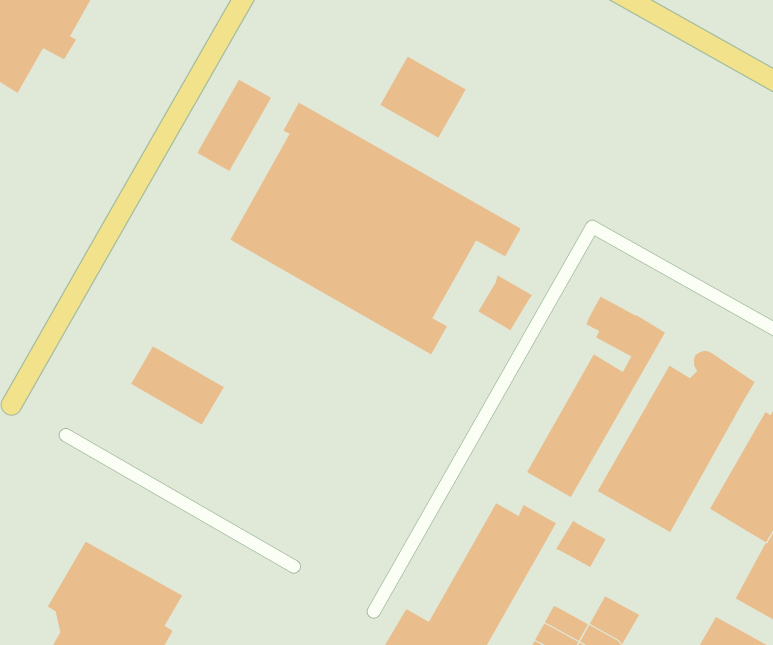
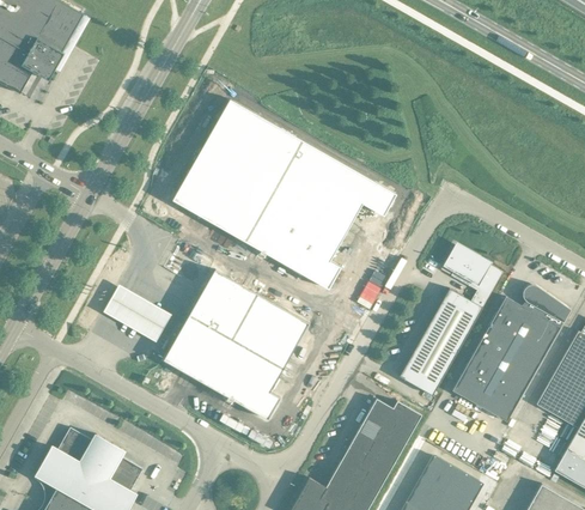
building: [380,56,466,139] -> none
building: [196,79,272,172] -> none
building: [478,275,533,331] -> none
building: none -> [167,268,309,419]
building: [555,520,607,568] -> [419,454,457,490]

